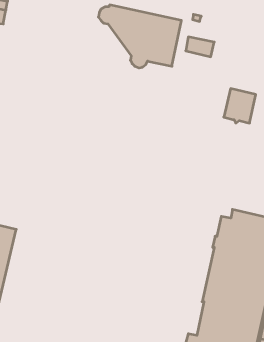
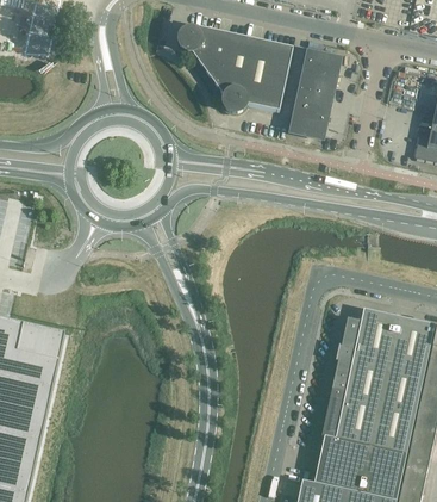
building: none -> [302,49,342,76]
building: [224,89,256,123] -> [289,88,333,136]

